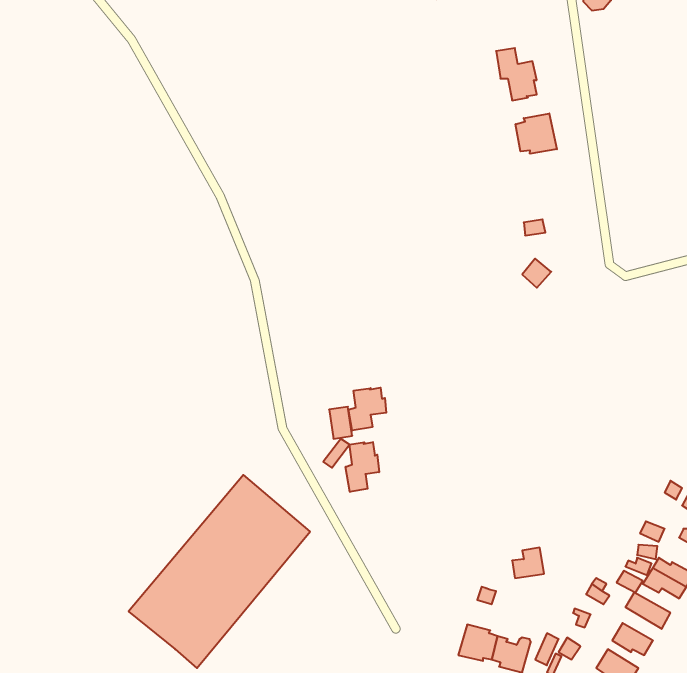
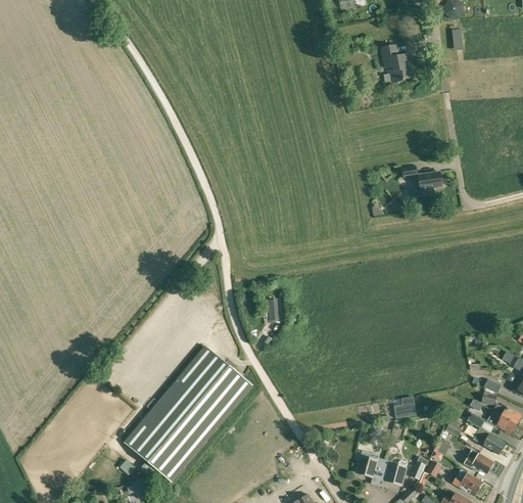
building: [516,113,557,154] -> none
building: none -> [414,172,441,195]
building: [348,388,386,431] -> none
building: [346,442,379,492] -> none

